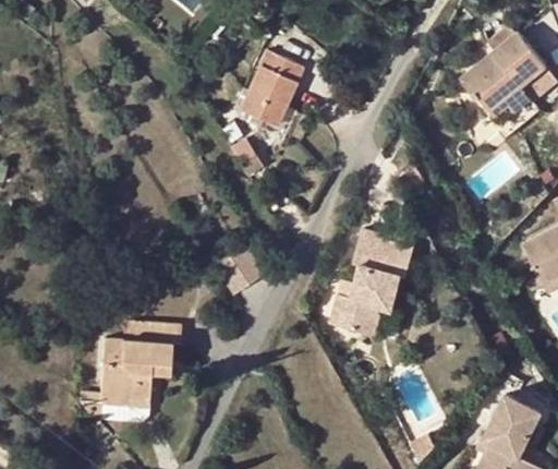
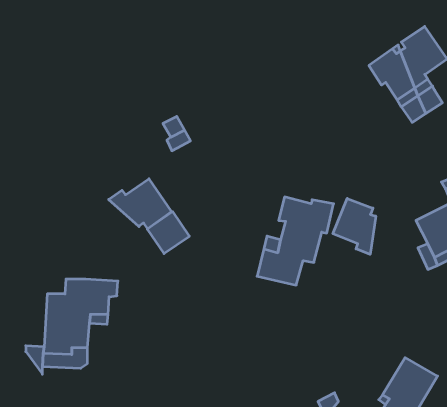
building: [245,47,304,121] -> none
building: none -> [109,179,172,229]
building: none -> [333,198,376,254]

